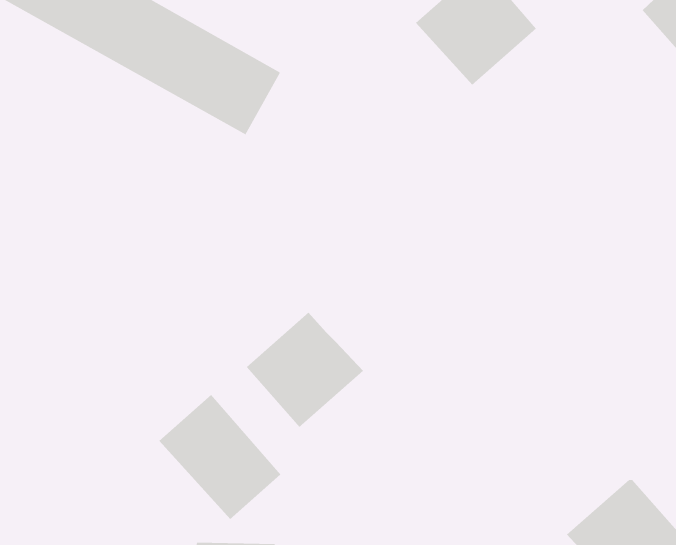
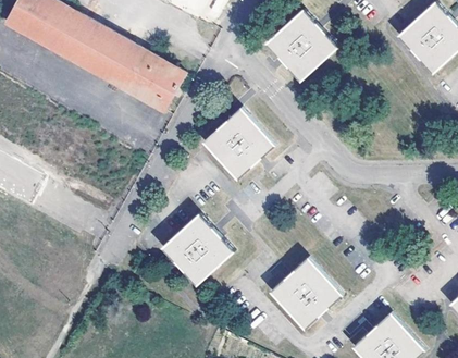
building: none -> [202,108,276,181]
building: none -> [271,257,342,329]
building: [159,394,281,520] -> none

